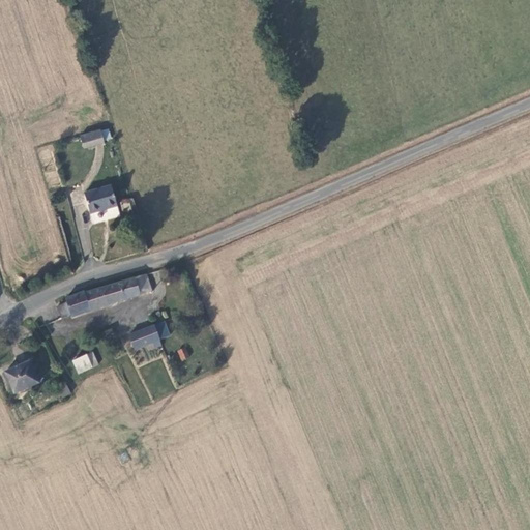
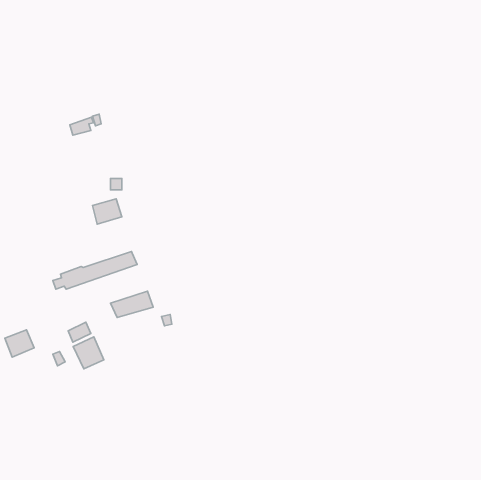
building: [84,185,116,213] -> [92,199,122,224]
building: none -> [73,337,104,369]

